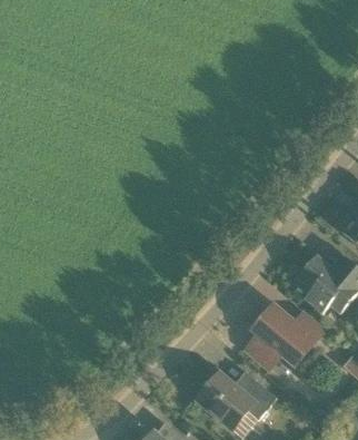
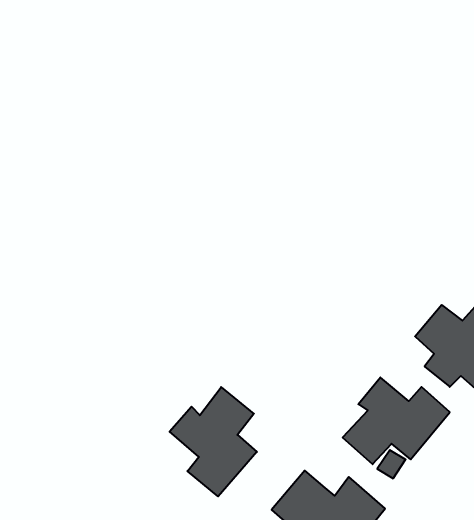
building: none -> [170,387,257,496]

